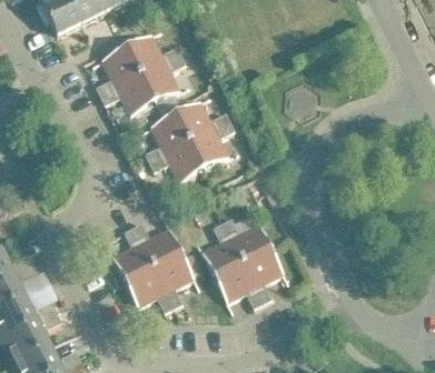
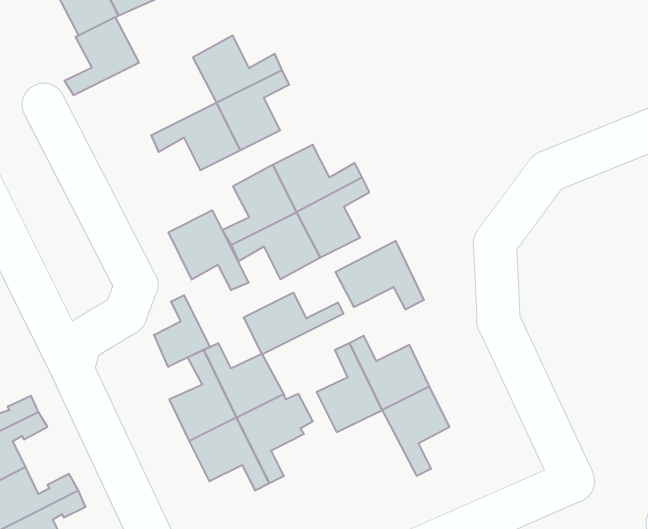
building: [95,47,140,94] -> [64,17,139,95]
building: none -> [169,210,248,290]
building: none -> [336,241,424,310]
building: none -> [244,293,343,354]
building: none -> [154,295,210,367]
building: [214,262,263,306] -> none

